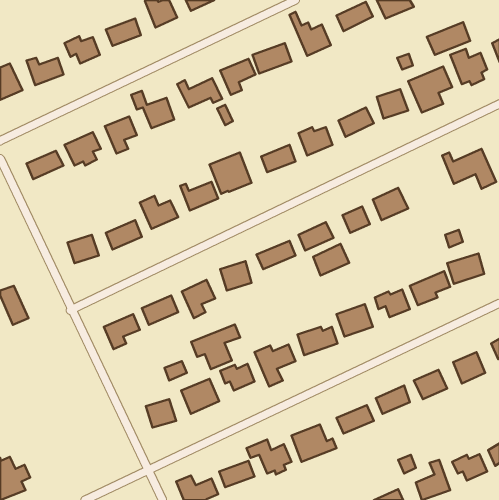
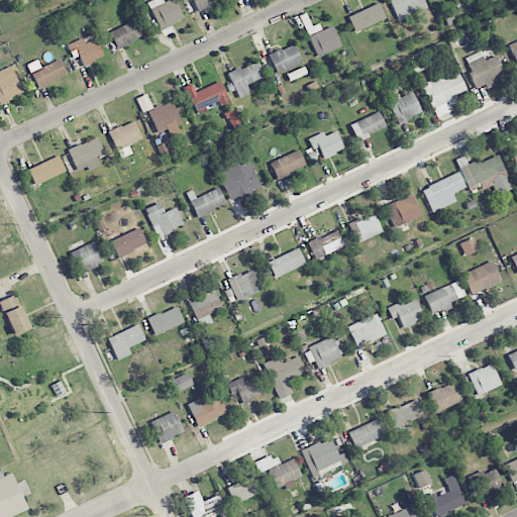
building: [427,22,470,55] -> none
building: none -> [422,172,466,212]
building: [313,244,349,276] -> none
building: [191,324,240,369] -> none

